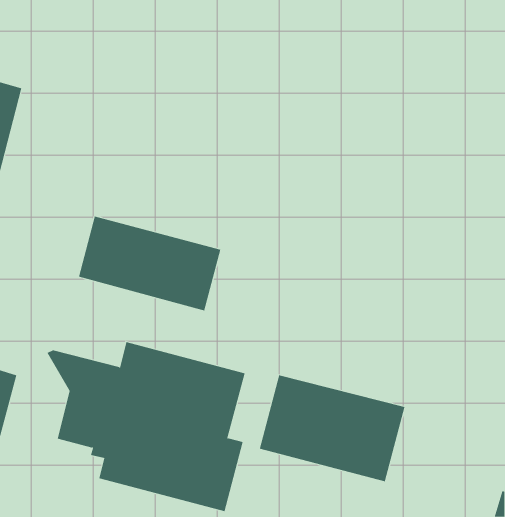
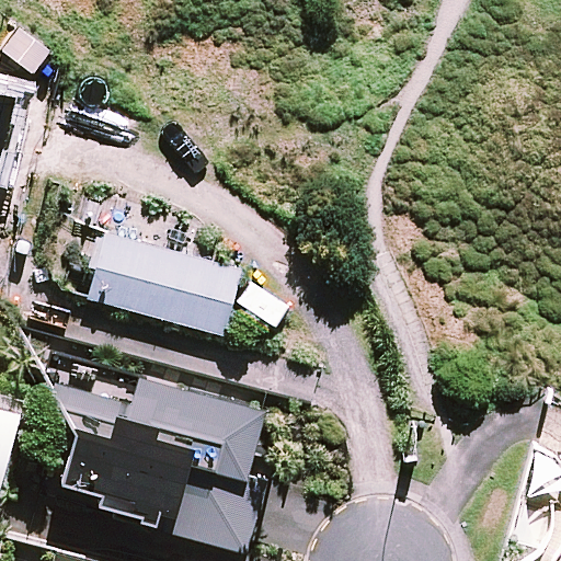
building: [259,375,405,482] -> none

